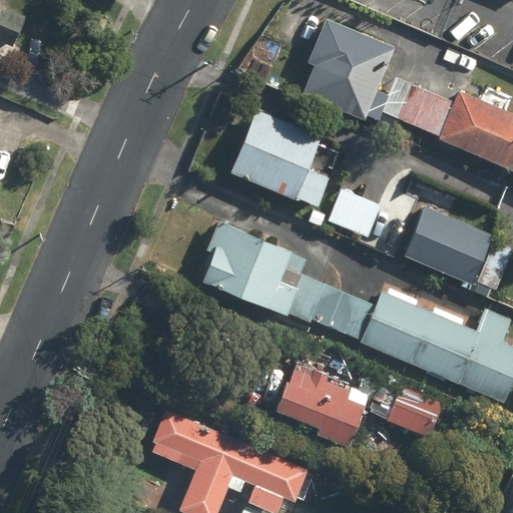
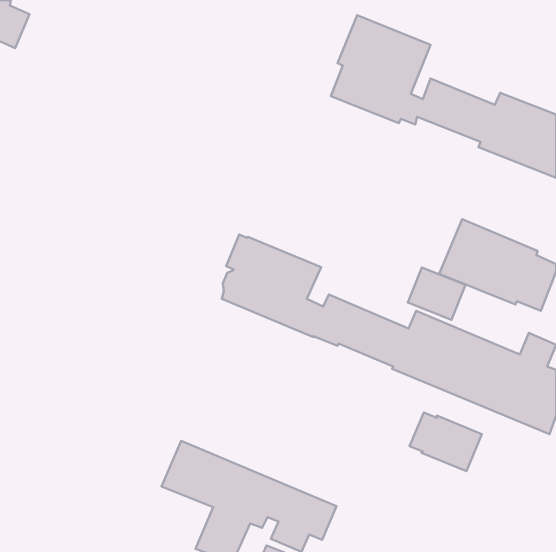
building: [230,109,330,207] -> none
building: [328,190,381,238] -> [408,267,466,320]
building: [276,361,370,447] -> none

